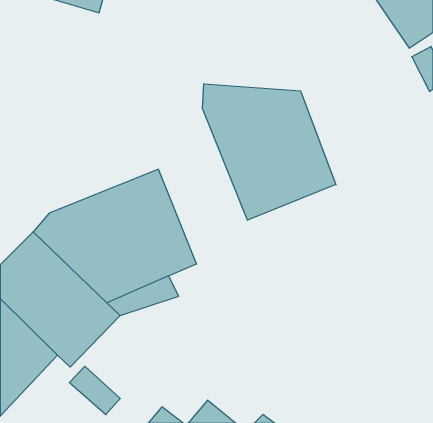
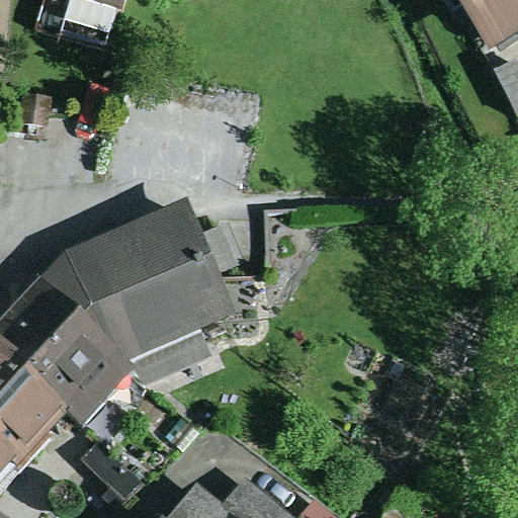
building: [202,84,336,220] -> none

